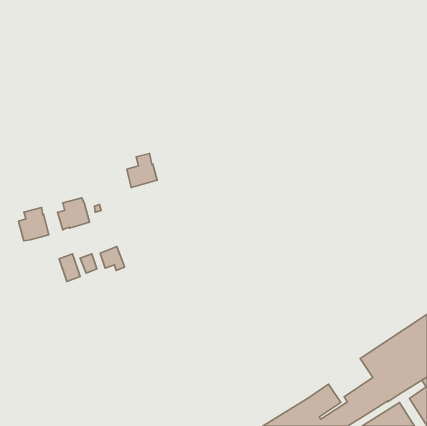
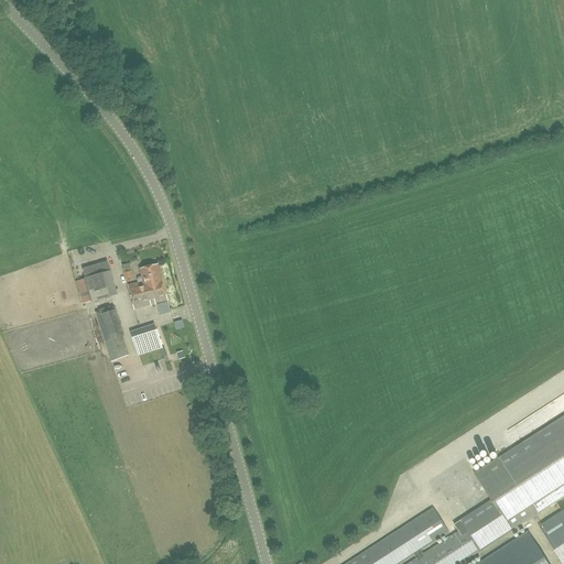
building: [127,153,157,188] -> [128,263,167,308]
building: [18,208,49,241] -> none
building: [59,254,80,281] -> [96,304,123,340]

